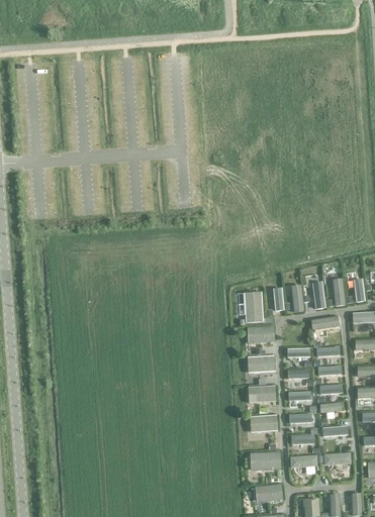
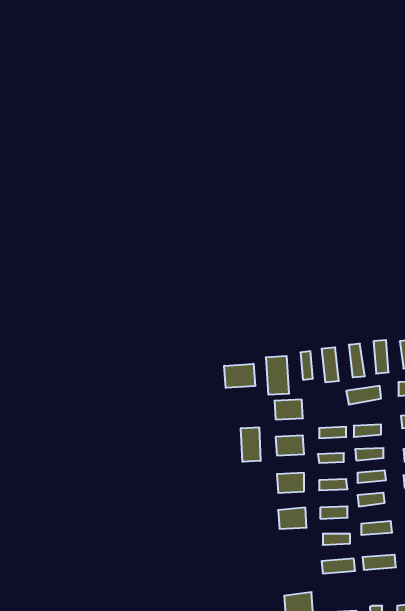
building: none -> [224,364,255,388]
building: none -> [241,427,261,462]
building: [257,452,279,470] -> none

